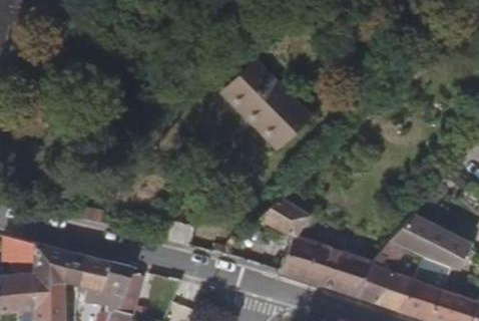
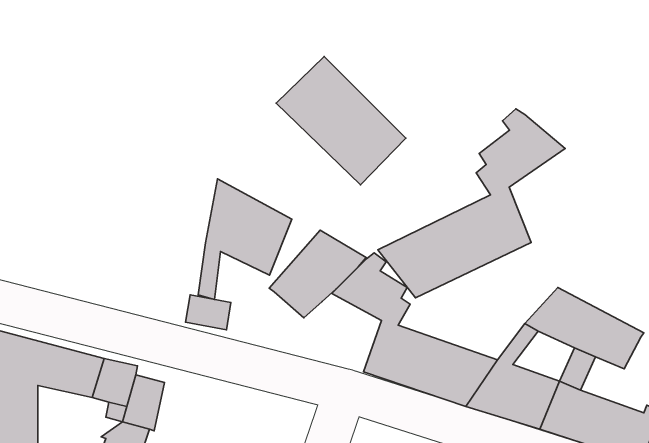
building: none -> [378,109,565,298]
building: none -> [198,179,292,300]
building: none -> [269,230,366,318]

